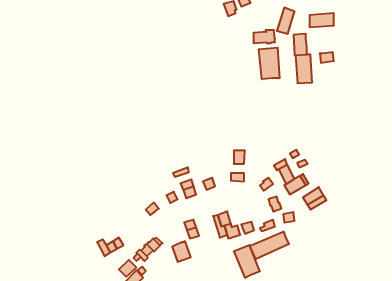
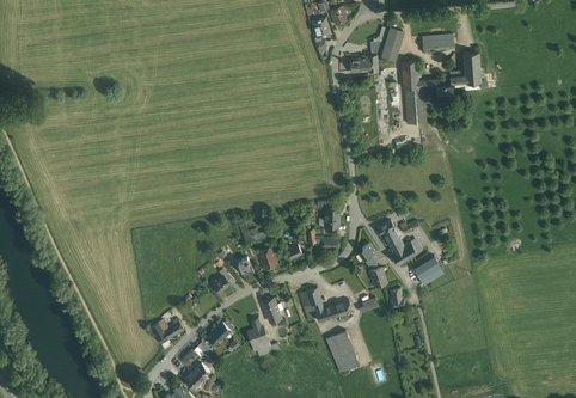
building: none -> [462,51,483,82]
building: [259,48,280,79] -> none
building: [250,232,289,259] -> none

